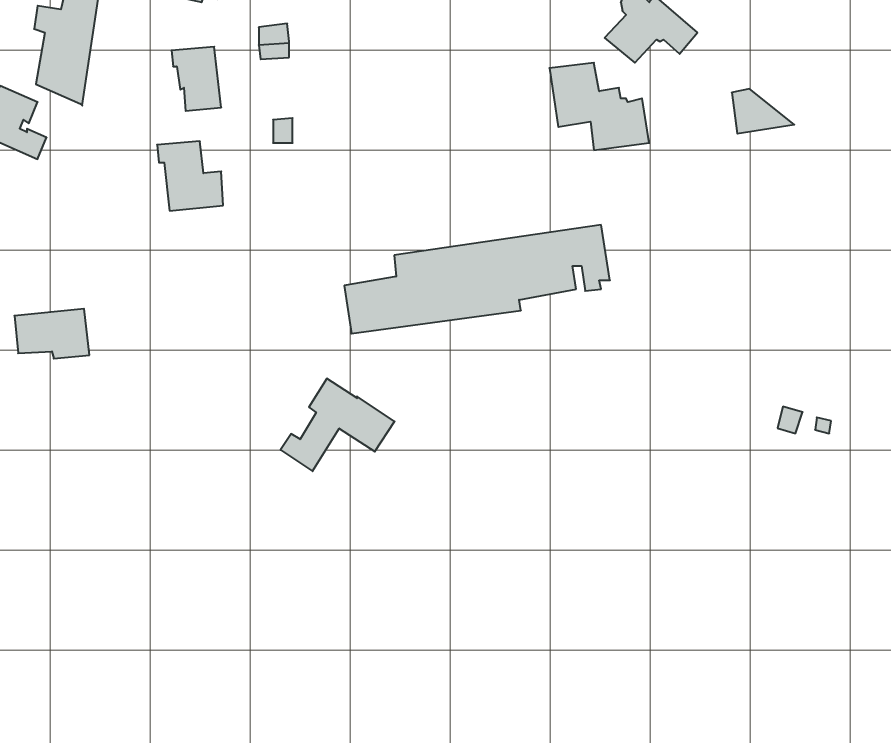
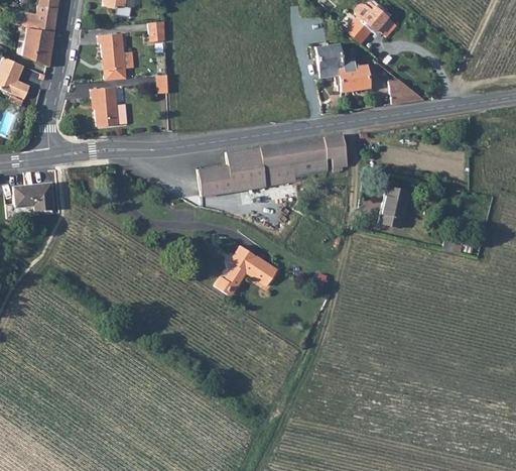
building: [732,89,794,134] -> [388,80,423,105]
building: none -> [378,186,410,229]
building: [280,379,395,471] -> [213,245,277,298]

